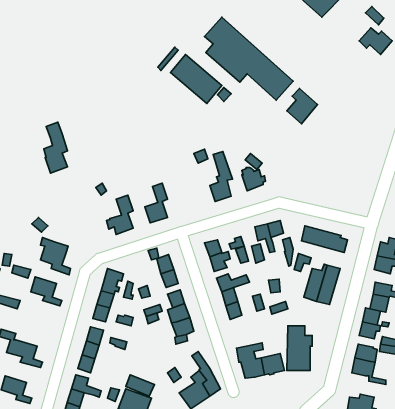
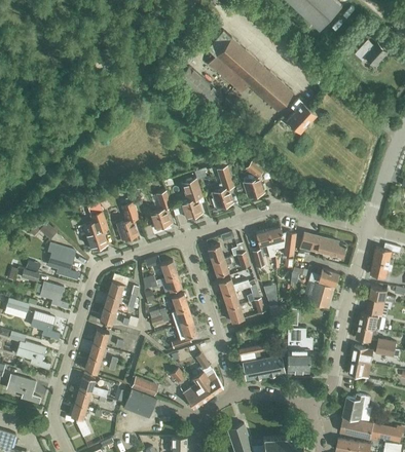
building: [44,122,67,173] -> [84,201,107,251]
building: none -> [180,179,204,219]
building: none -> [30,311,60,339]

